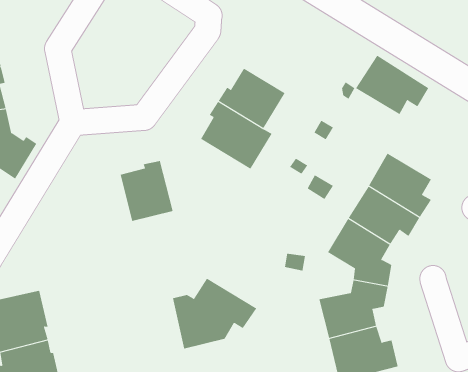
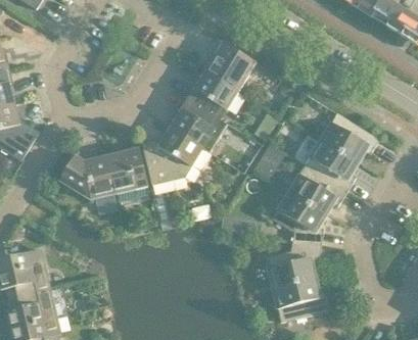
building: none -> [203,41,254,92]
building: [355,55,429,115] -> [319,113,378,161]
building: none -> [58,152,113,200]
building: [172,278,257,349] -> [141,129,210,186]

